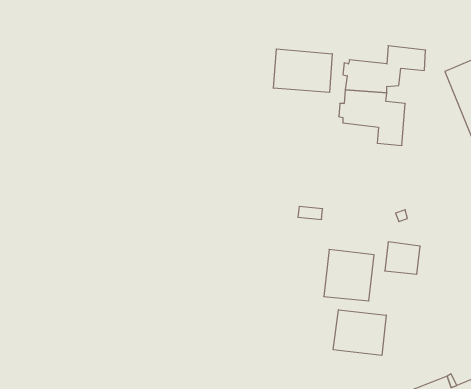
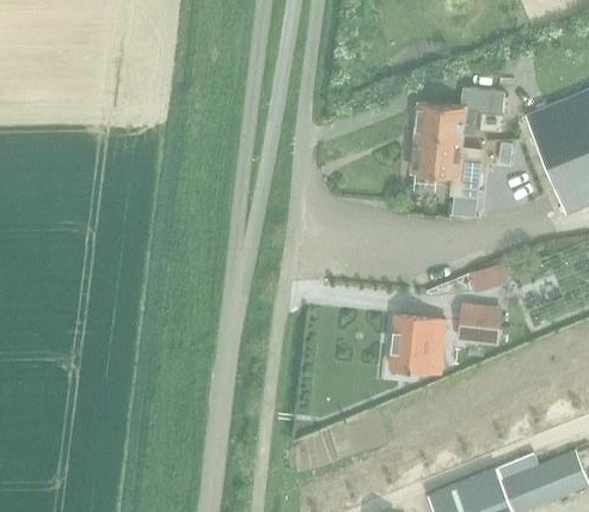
building: [273,49,332,92] -> none
building: [333,310,386,355] -> none

